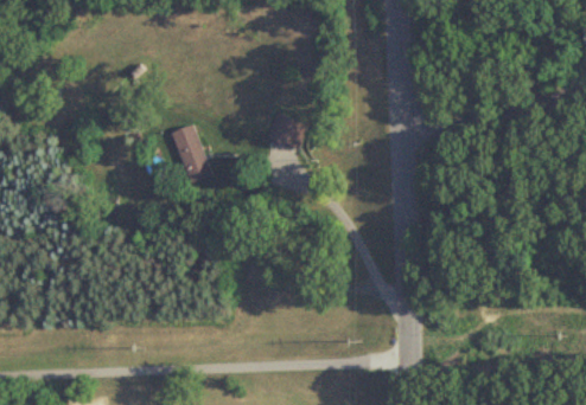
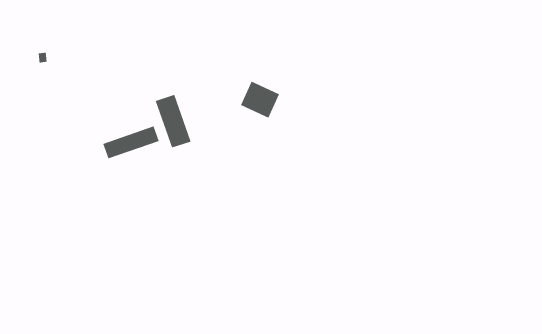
building: none -> [102,126,160,159]

